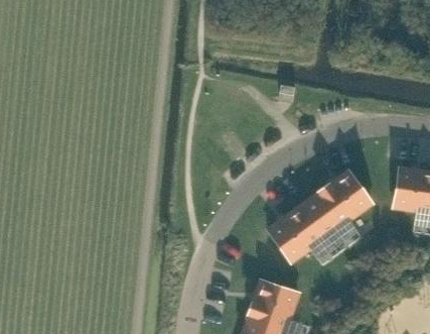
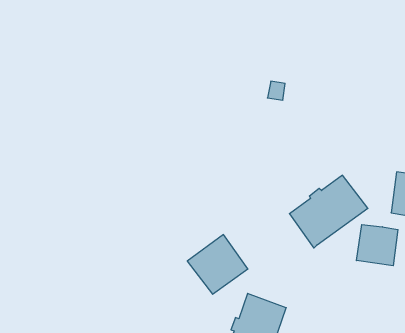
building: [267,207,322,261] -> [187,235,248,294]
building: none -> [356,225,398,266]

